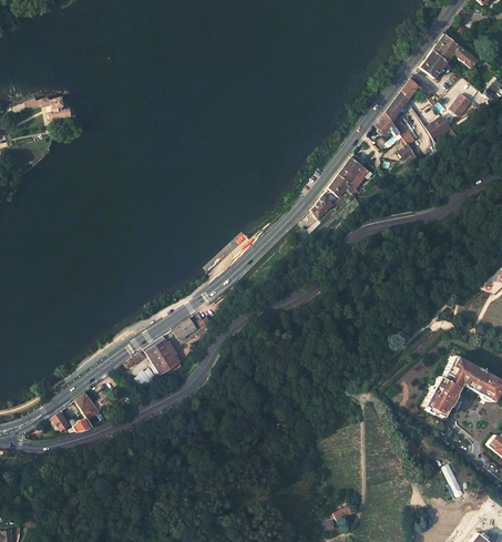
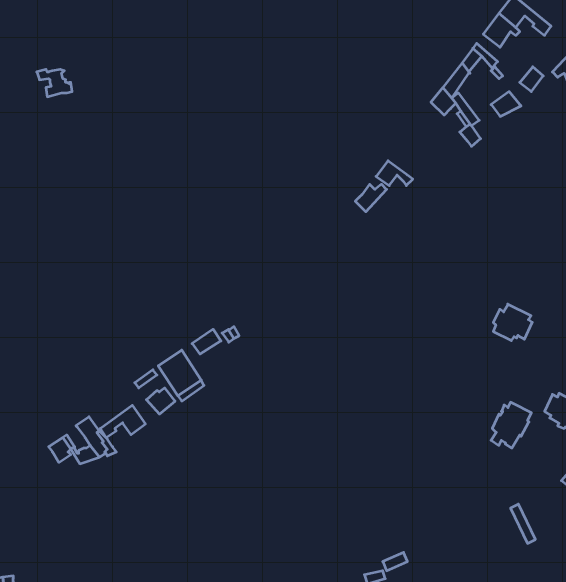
building: [339,153,369,186] -> none
building: [445,357,479,388] -> [493,304,532,341]
building: none -> [100,405,145,438]

